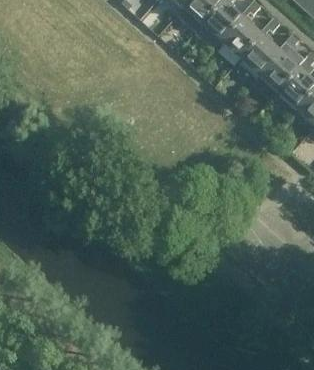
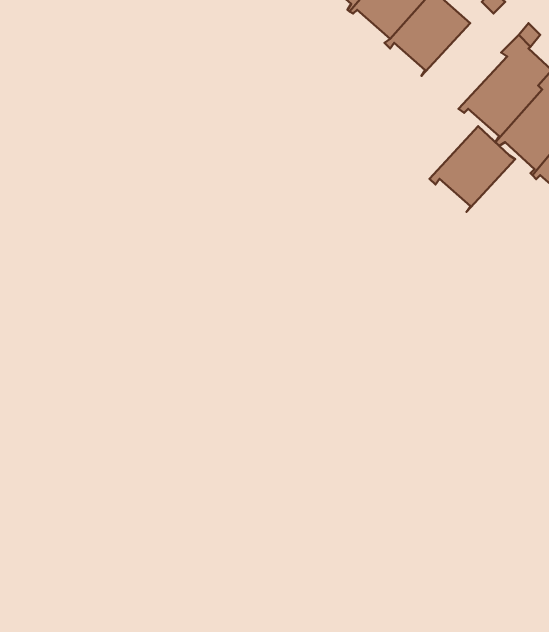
building: [238,34,282,78] -> [430,126,515,212]

